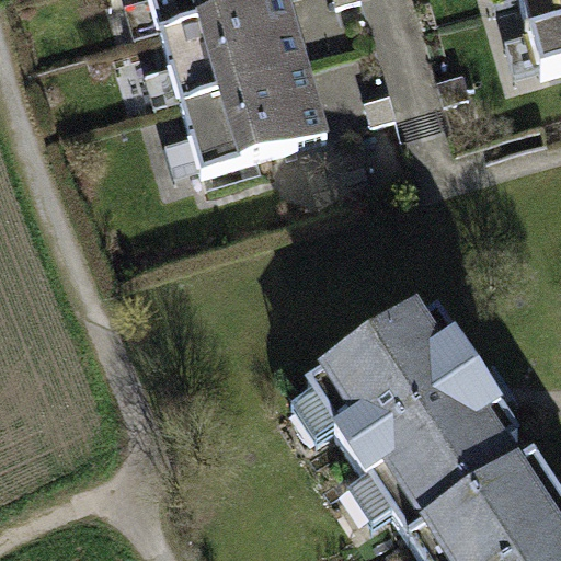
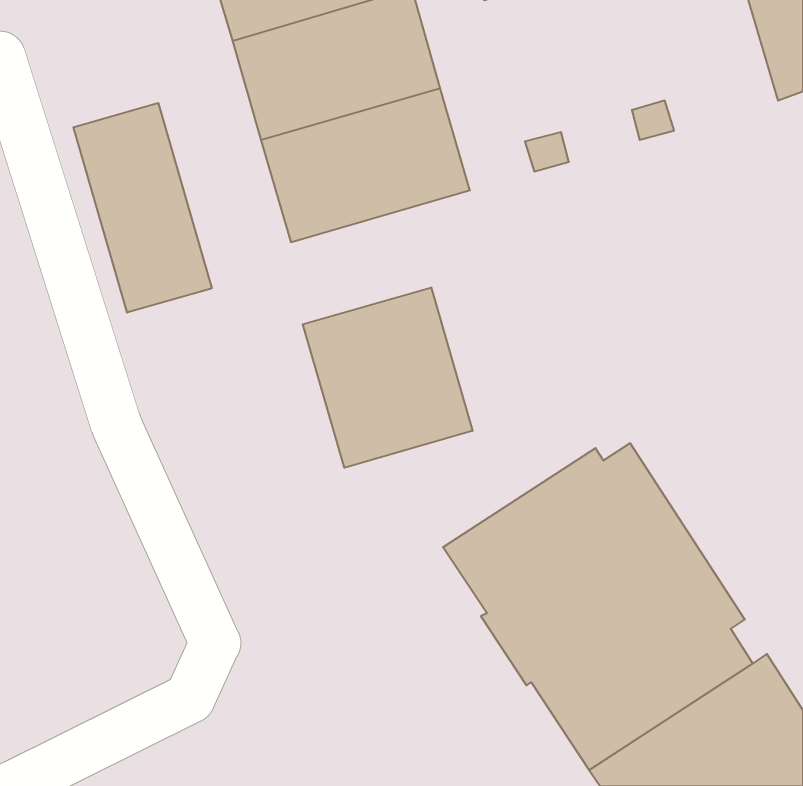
building: none -> [74,103,212,313]
building: none -> [303,287,473,468]

